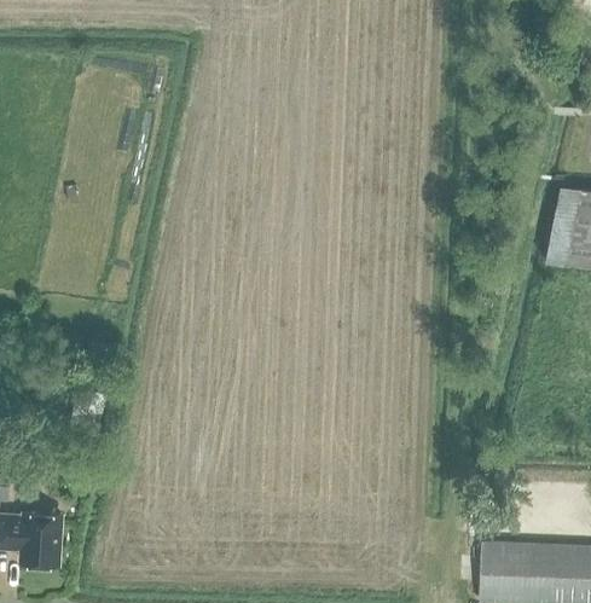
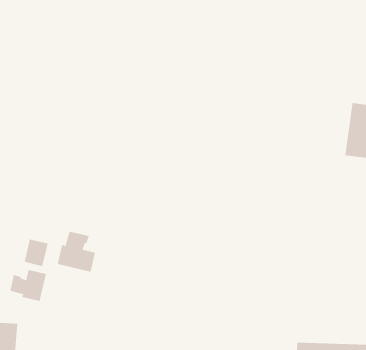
building: none -> [57,231,96,273]
building: none -> [10,269,46,302]

